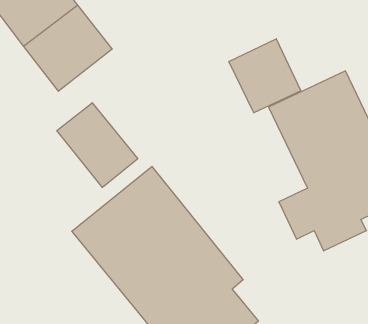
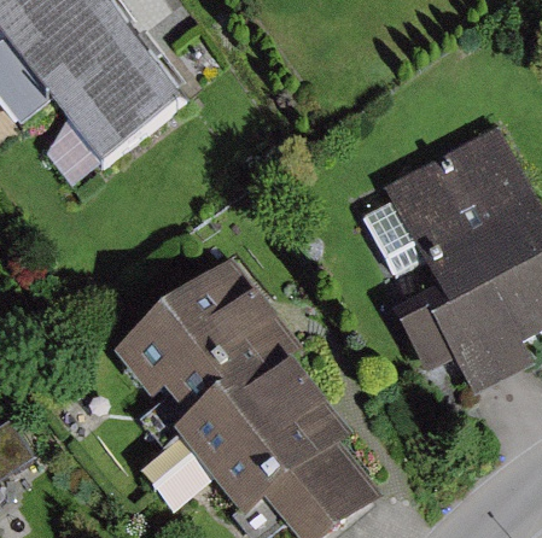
building: [229,39,301,113] -> none
building: [57,103,138,187] -> none

